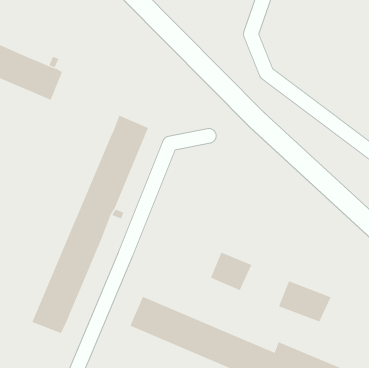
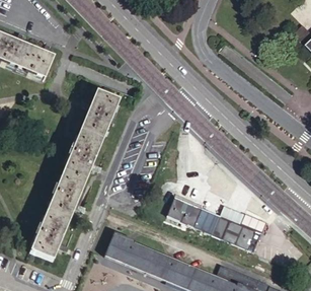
building: none -> [190,207,228,239]

